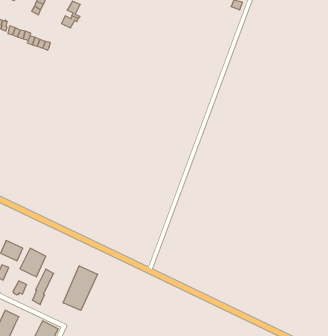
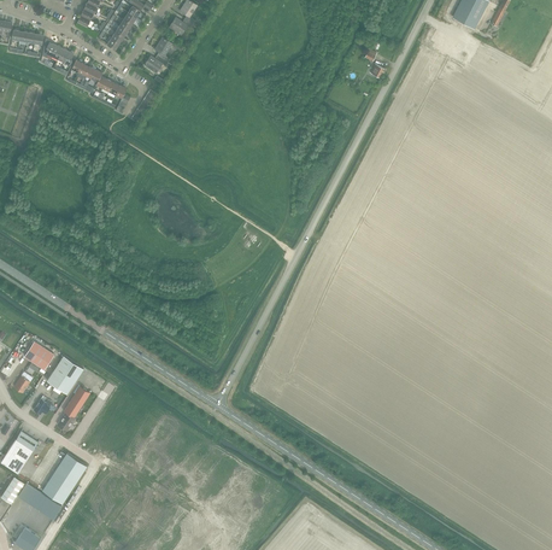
building: [63,266,97,310] -> none

